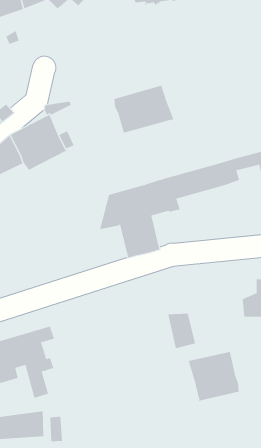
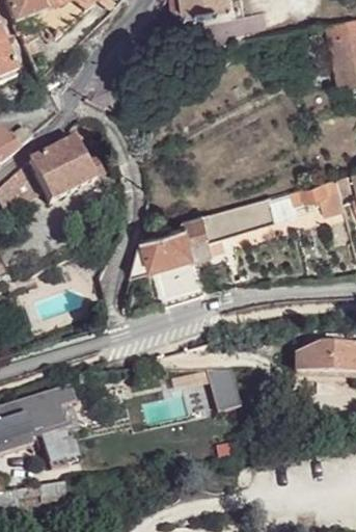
building: [114,84,174,134] -> none
building: [188,351,239,402] -> none

